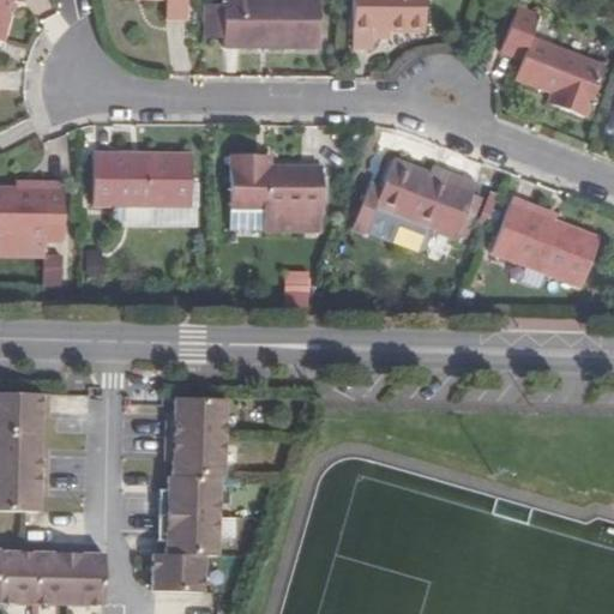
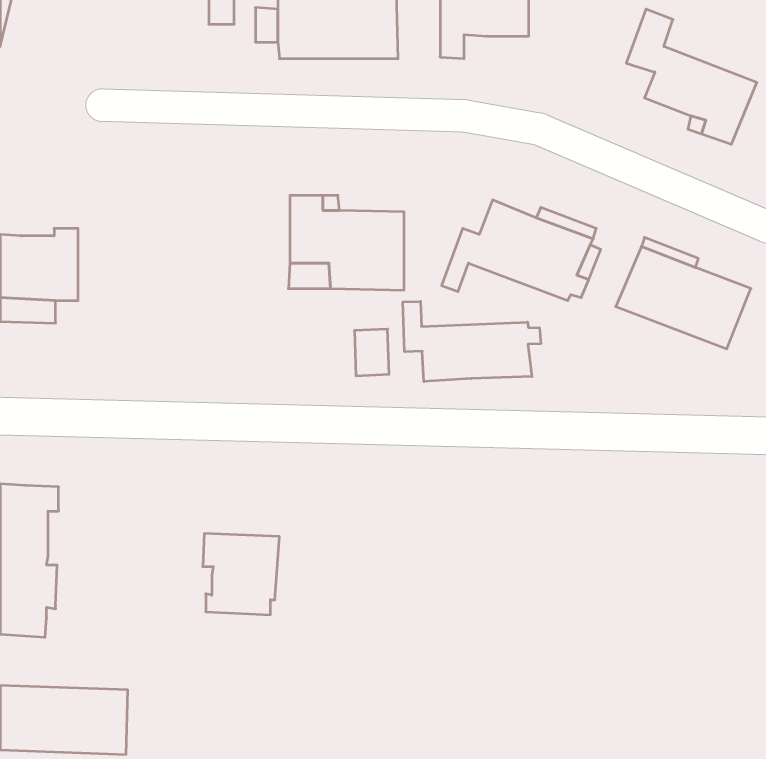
building: [94,155,192,207] -> none
building: none -> [403,301,541,382]
building: [164,391,225,428] -> none
building: [150,488,217,590] -> none

